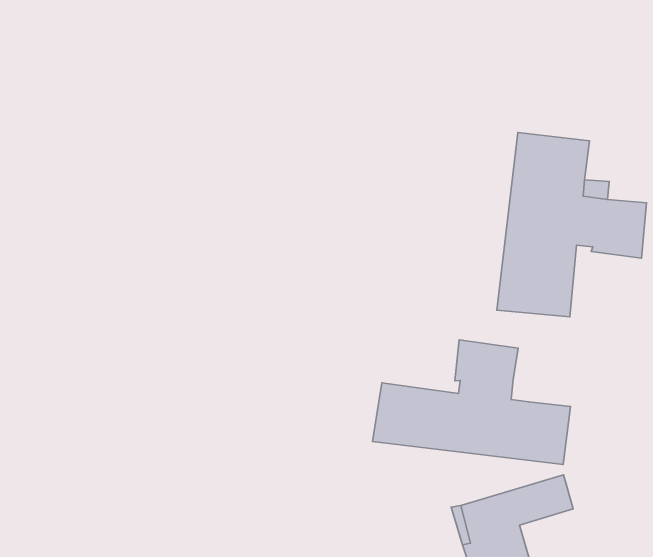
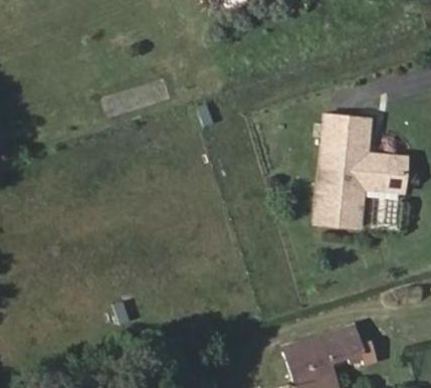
building: [372,340,571,464] -> none

